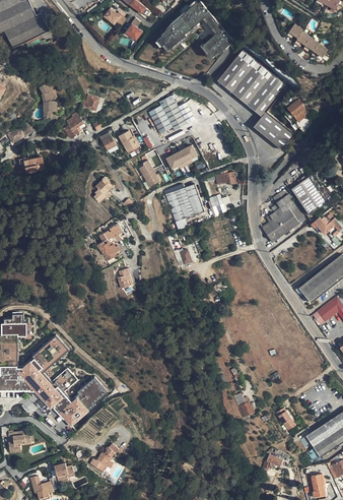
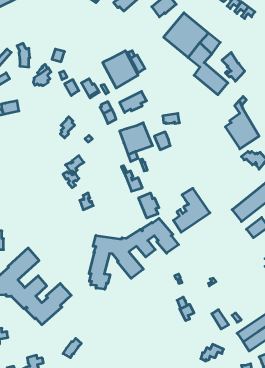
building: [262,189,305,242] -> [173,188,210,232]
building: none -> [139,193,159,218]
building: none -> [89,218,179,289]

